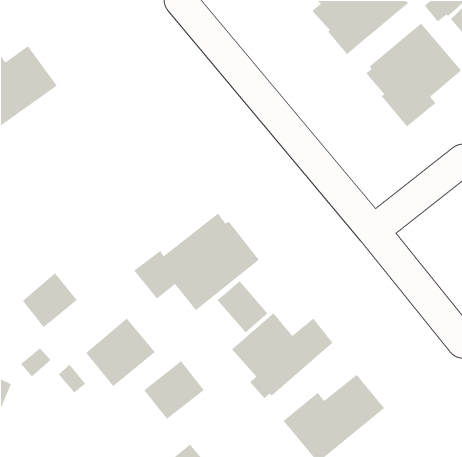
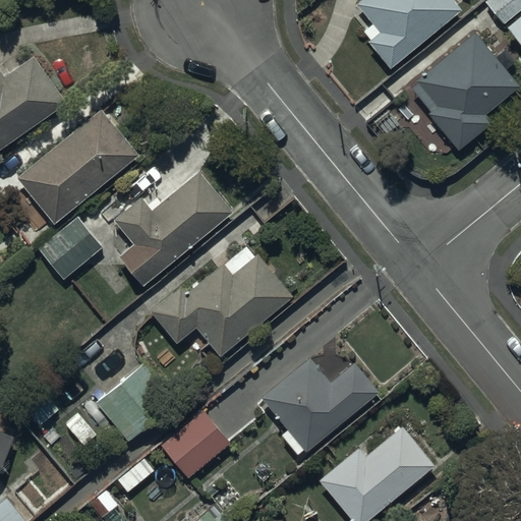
building: none -> [17,109,138,224]
building: none -> [114,170,231,285]
building: [22,272,78,328] -> [40,217,103,280]
building: [217,280,269,333] -> none

